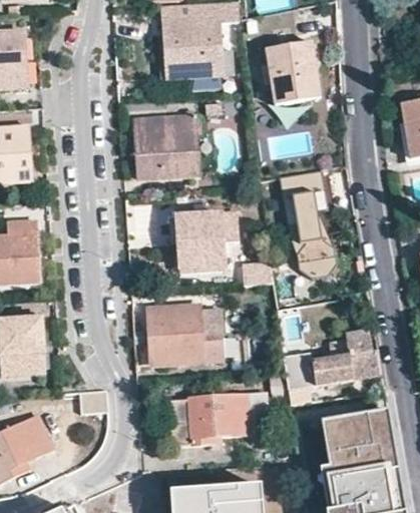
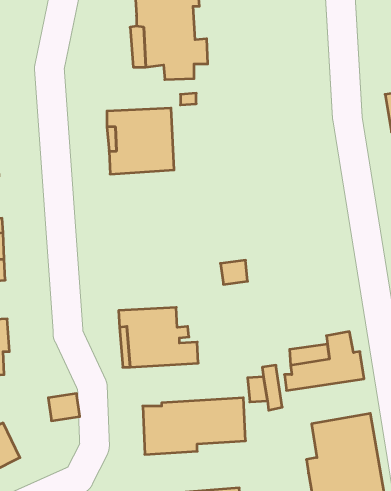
building: [268,42,320,103] -> none
building: [281,169,337,278] -> none
building: [175,213,237,270] -> none

